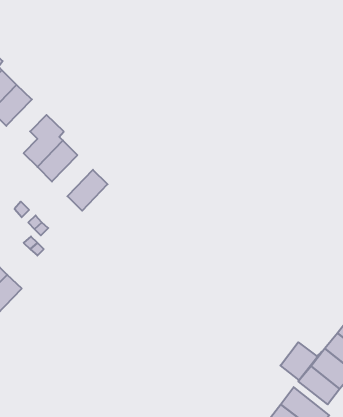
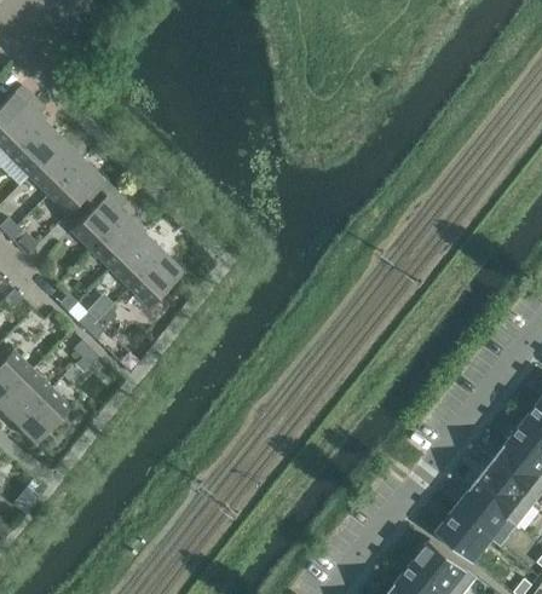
building: none -> [48,157,102,212]
building: none -> [109,231,163,286]
building: [280,342,322,380] -> none

